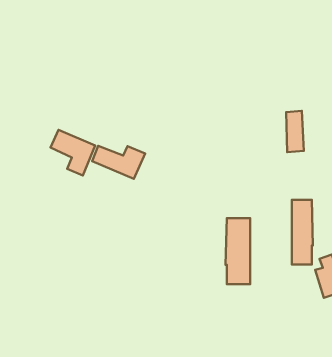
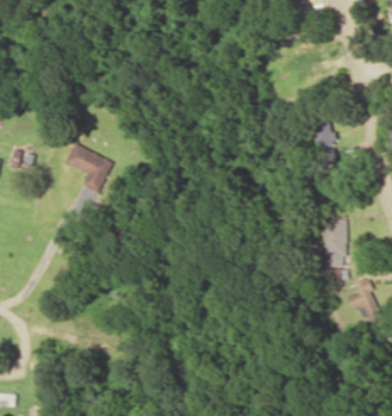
building: [92,146,145,179] -> none
building: [226,218,250,284] -> none

